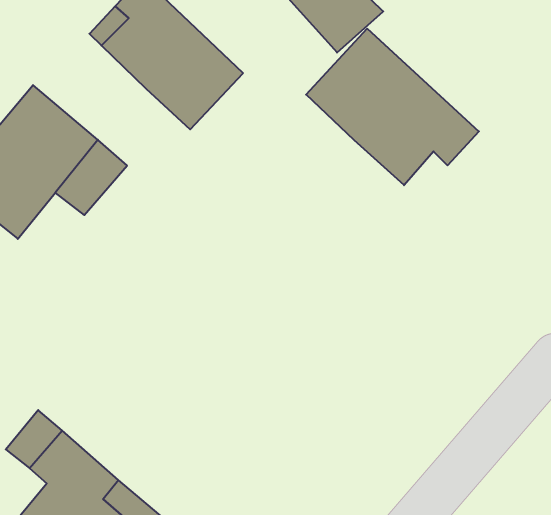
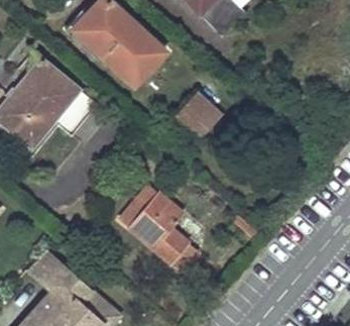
building: [306,29,479,185] -> none
building: none -> [176,89,222,135]
building: none -> [129,192,188,267]

